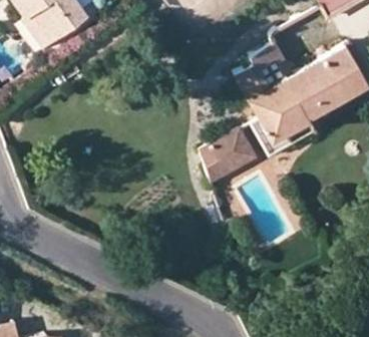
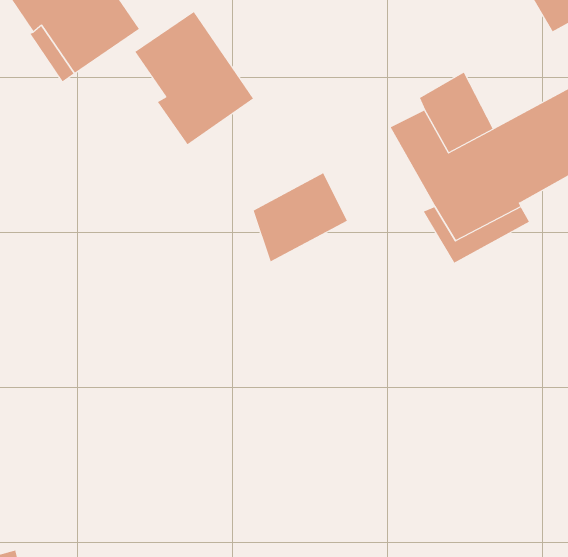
building: none -> [135,11,254,145]
building: [203,130,258,183] -> [253,173,348,262]

